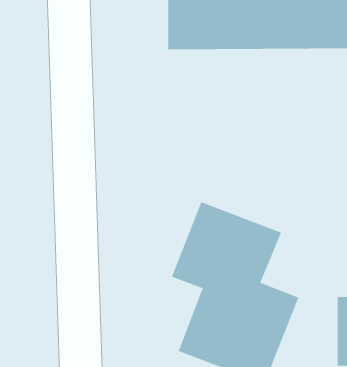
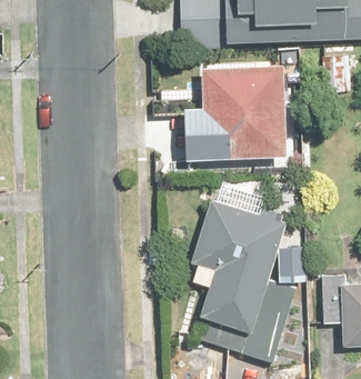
building: none -> [202,72,289,162]

